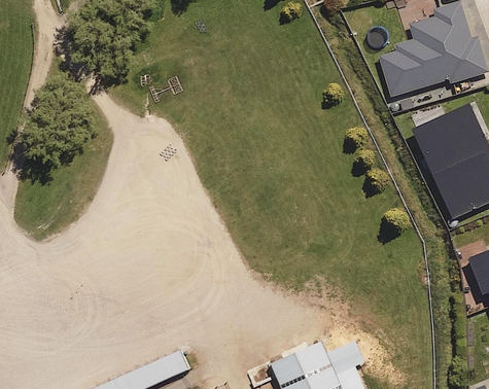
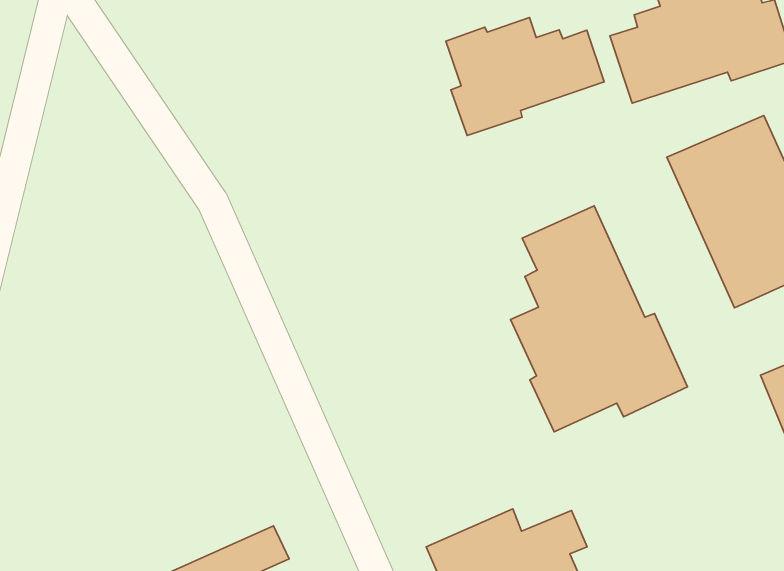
building: none -> [446,17,604,136]
building: none -> [511,206,687,432]

